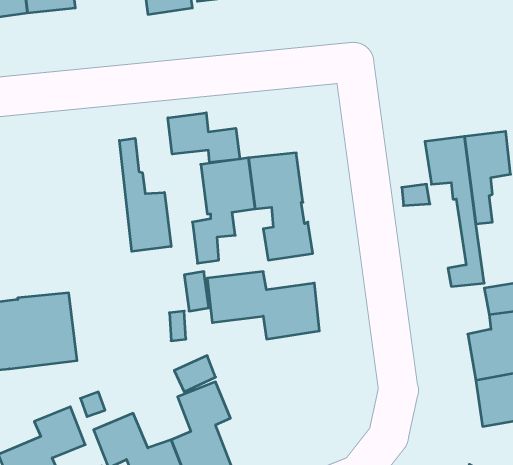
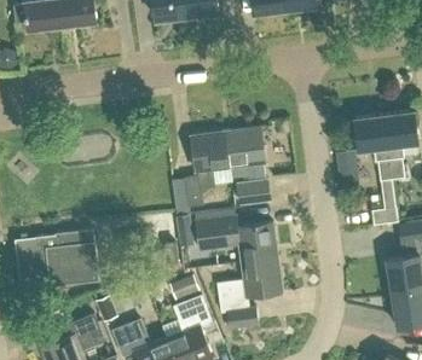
building: [168,113,240,163] -> none
building: [119,138,171,251] -> none
building: none -> [215,257,281,329]

